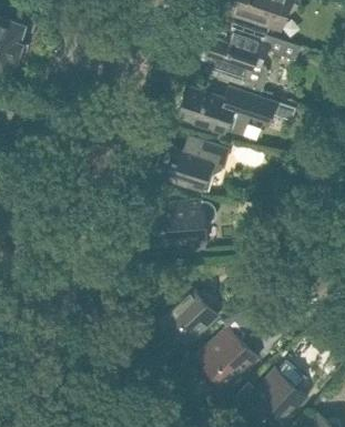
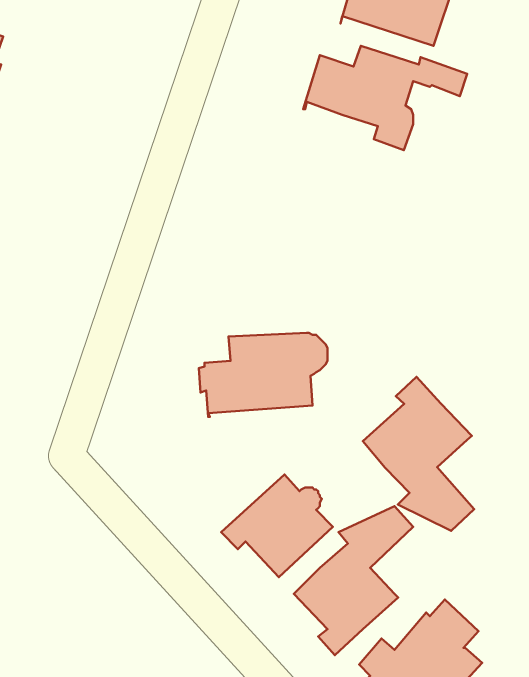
building: [176,87,296,136] -> none
building: [155,141,231,193] -> none
building: none -> [363,377,474,531]

